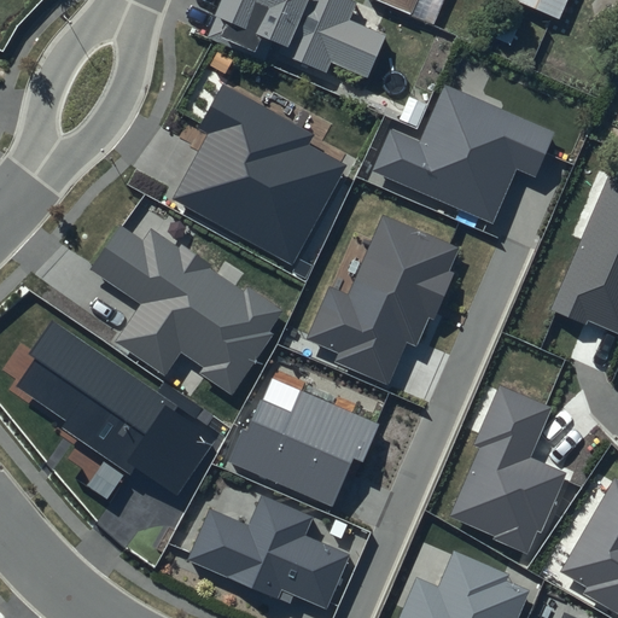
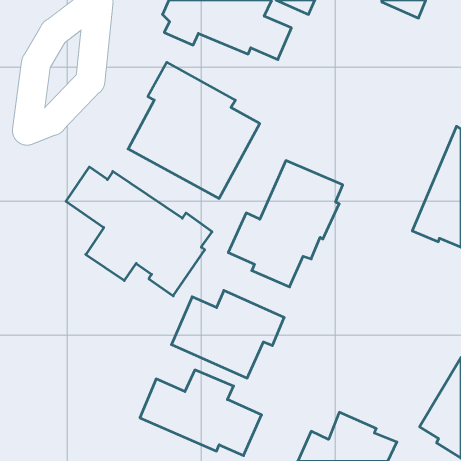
building: [372,83,555,223] -> none
building: [17,319,217,495] -> none
building: [449,386,565,553] -> none

